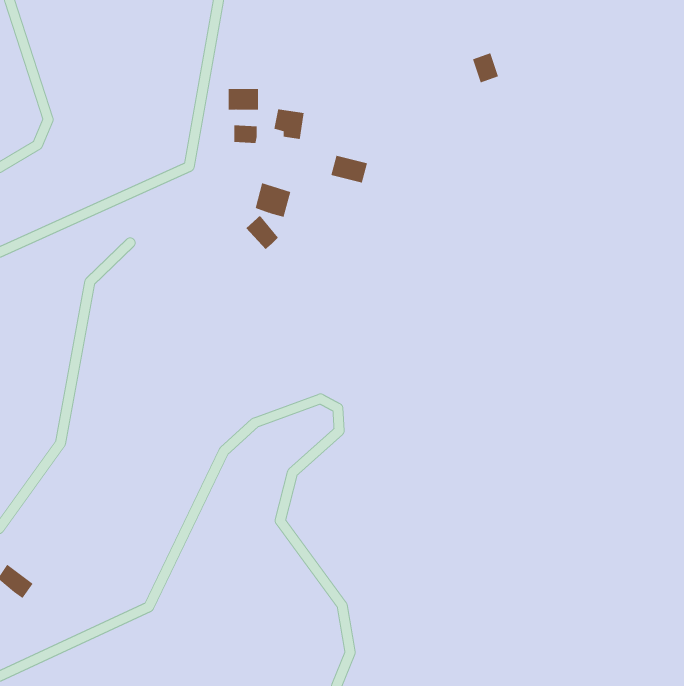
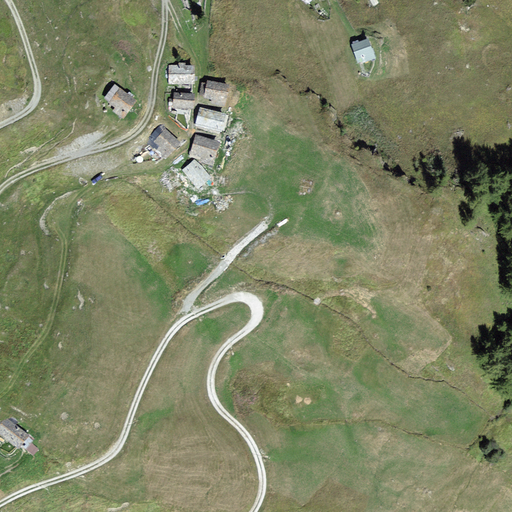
building: none -> [106,86,134,116]
building: [330,155,368,183] -> [197,108,225,129]
building: none -> [150,126,178,153]

